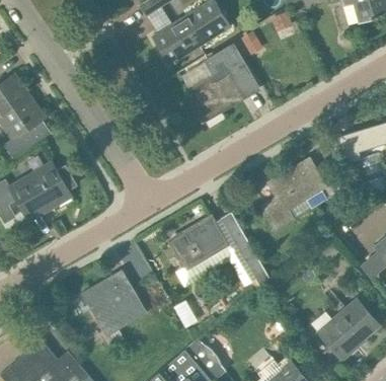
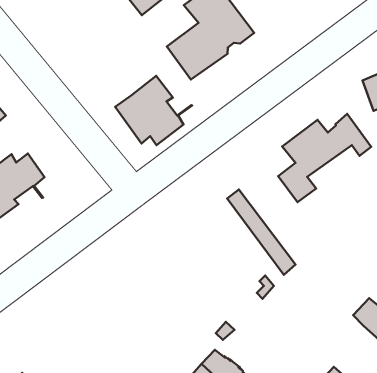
building: none -> [115,76,192,145]
building: [171,217,227,266] -> none
building: [81,270,146,334] -> none

